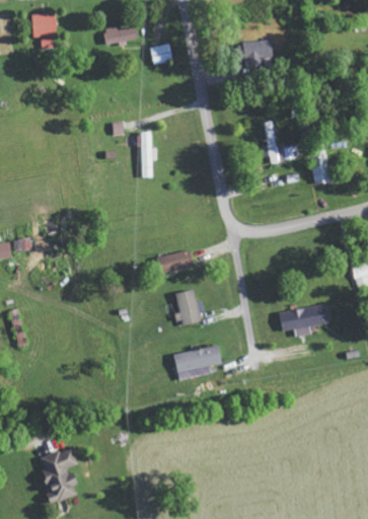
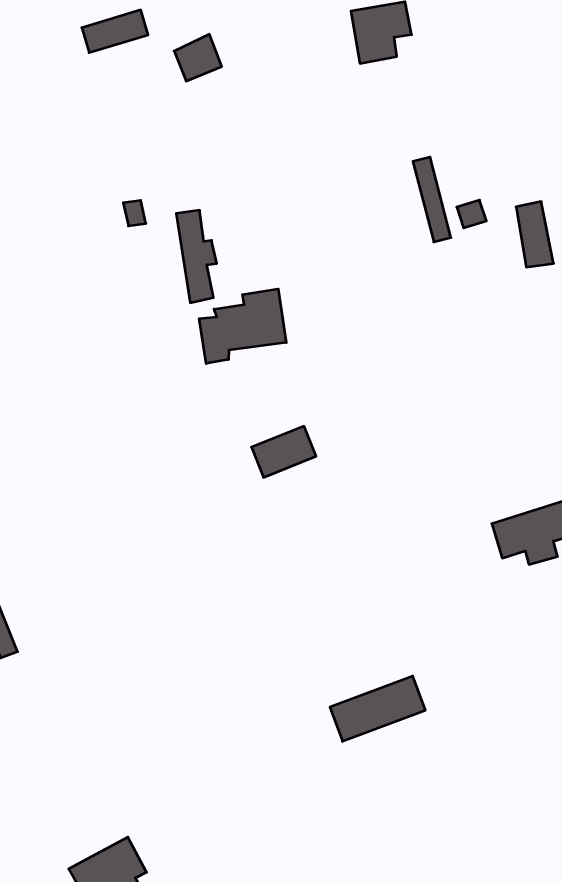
building: none -> [199,289,286,364]
building: [174,290,201,326] -> none
building: [174,345,223,373] -> [330,676,425,741]

